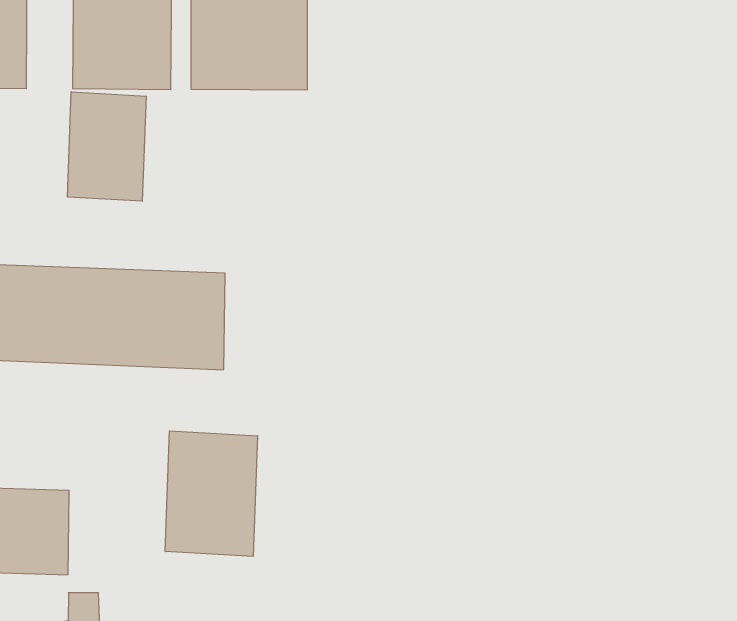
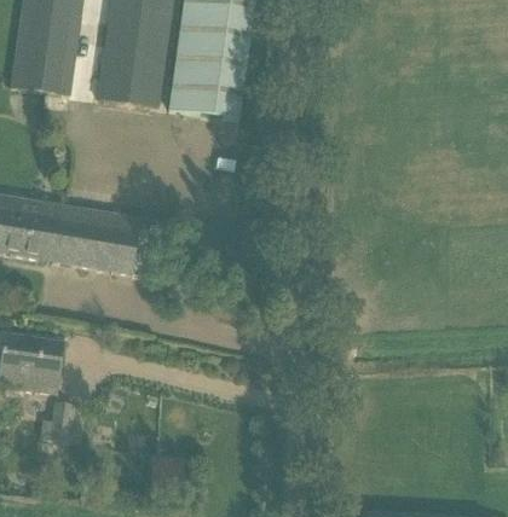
building: [68,92,146,201] -> none
building: [165,431,258,556] -> none

